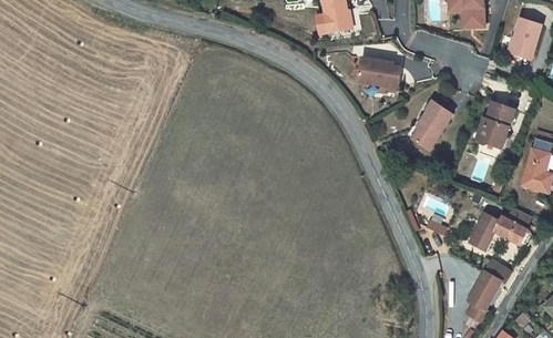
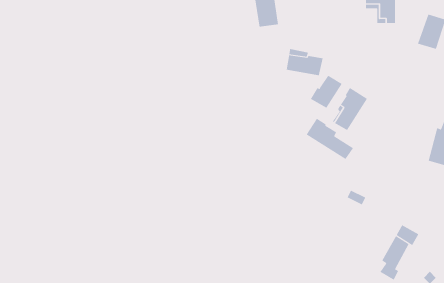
building: none -> [310,75,342,109]
building: [478,102,513,146] -> none
building: none -> [306,118,354,160]
building: [469,213,528,249] -> none

